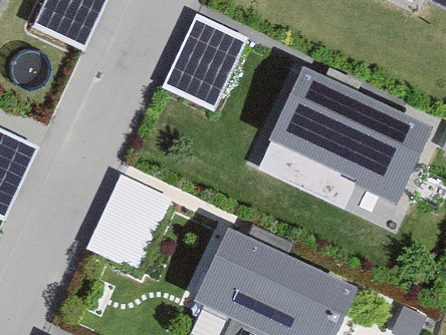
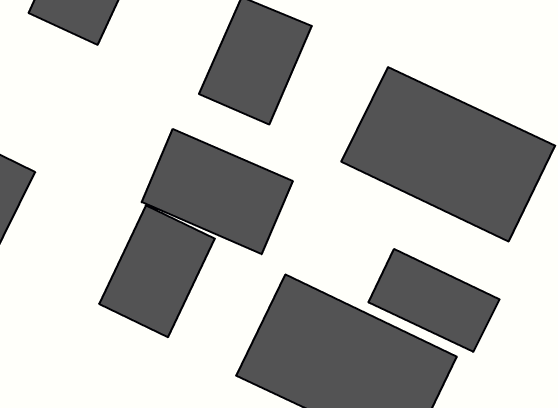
building: none -> [142,129,293,254]
building: none -> [369,249,500,352]

